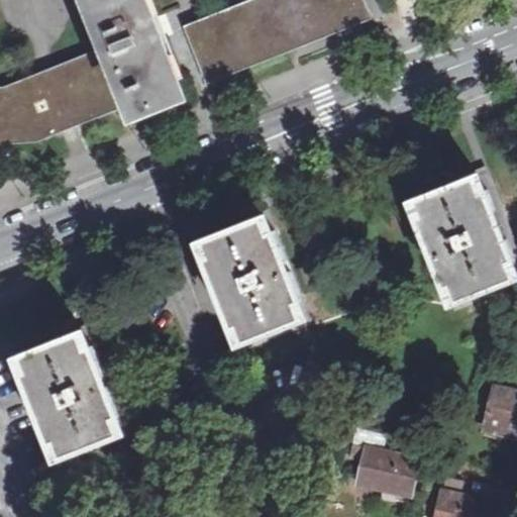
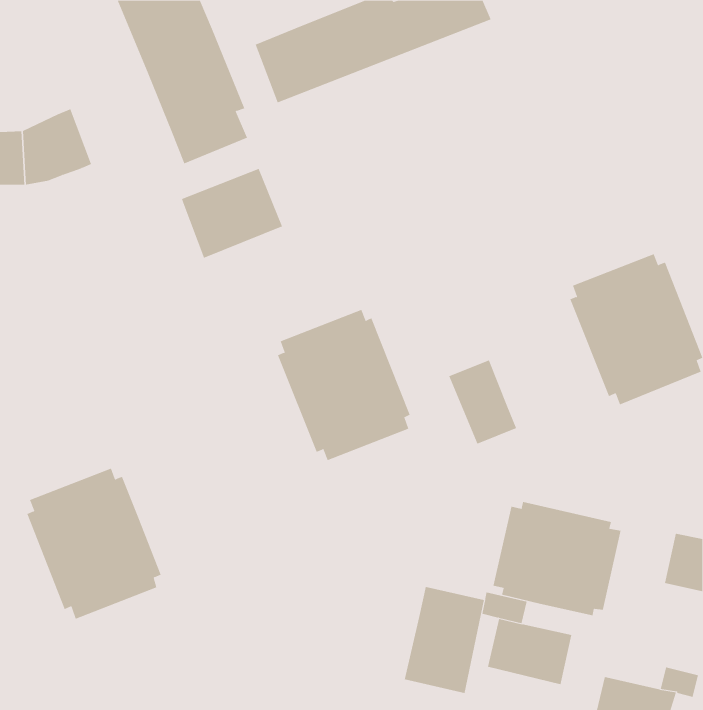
building: [50,55,124,120] -> [181,168,283,259]
building: none -> [448,360,517,445]
building: none -> [493,501,621,616]
building: none -> [404,586,484,694]

